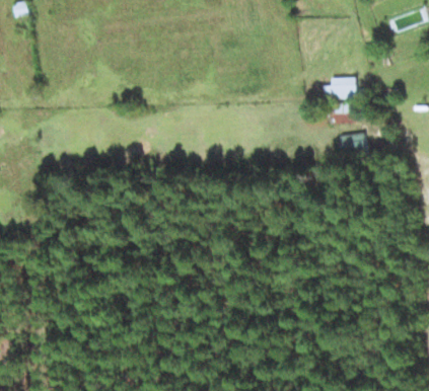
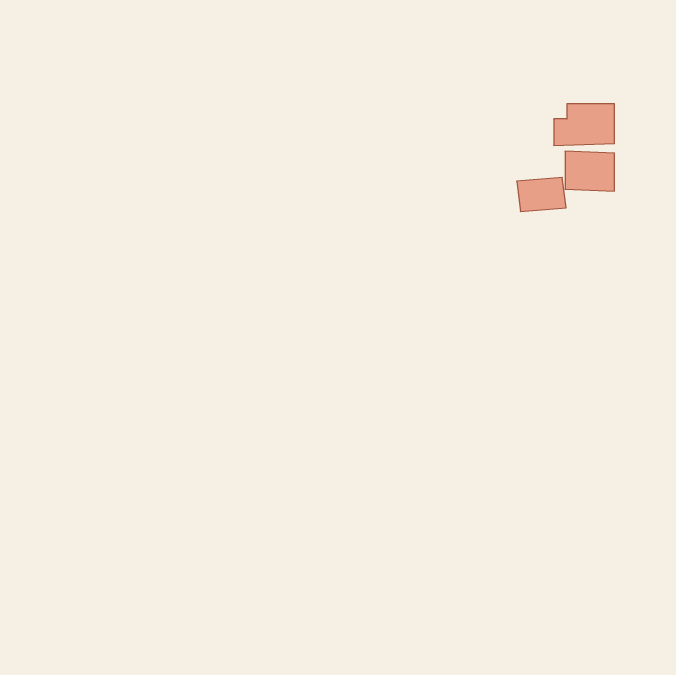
building: [340,133,366,151] -> [517,177,566,212]

